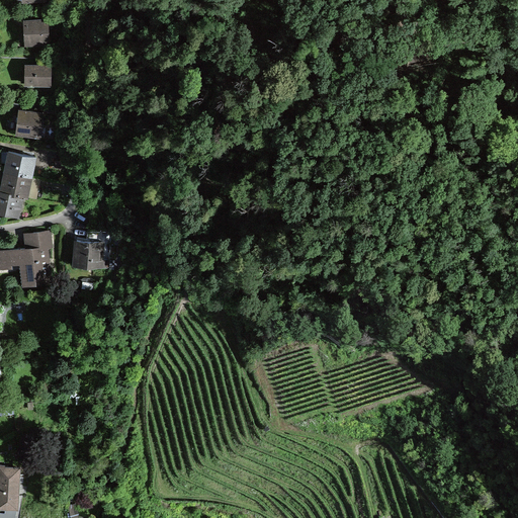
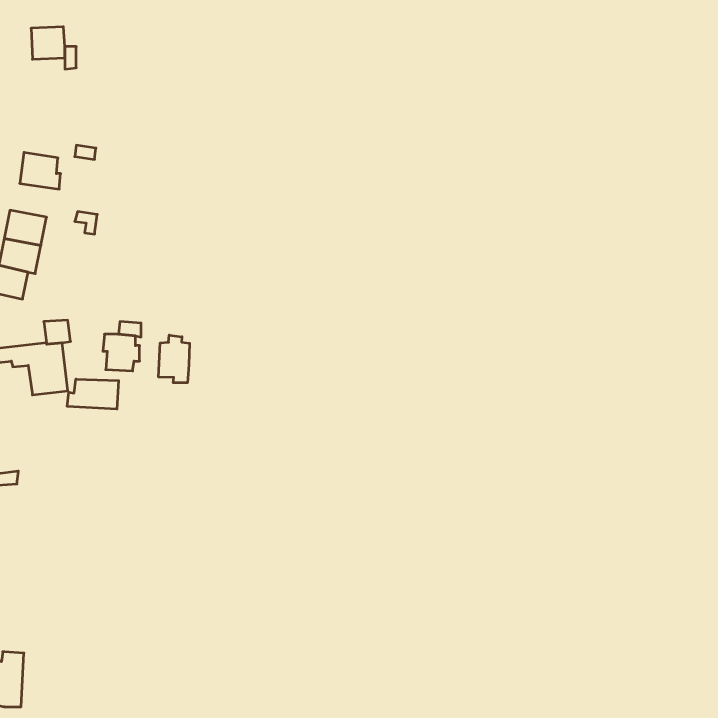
building: [23,67,50,85] -> none
building: none -> [159,335,190,383]
building: none -> [67,379,119,409]

